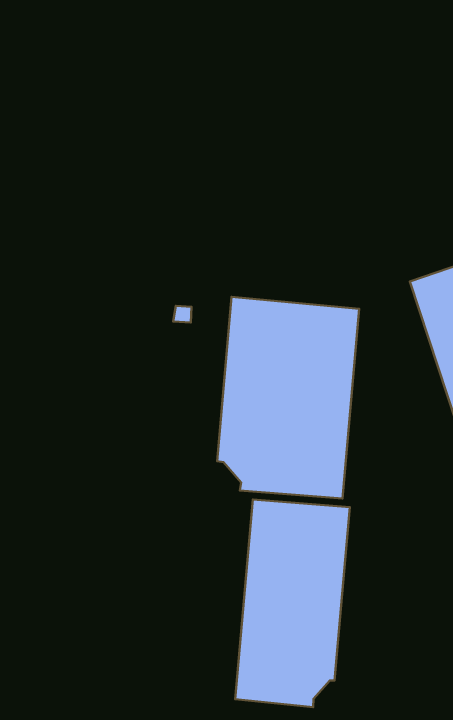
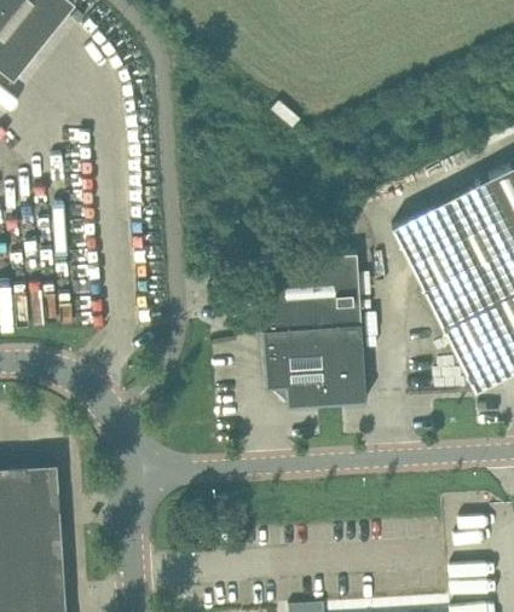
building: [235,499,350,707] -> none

